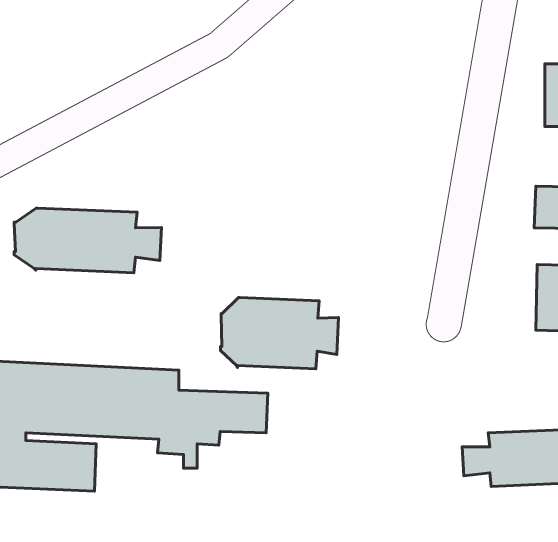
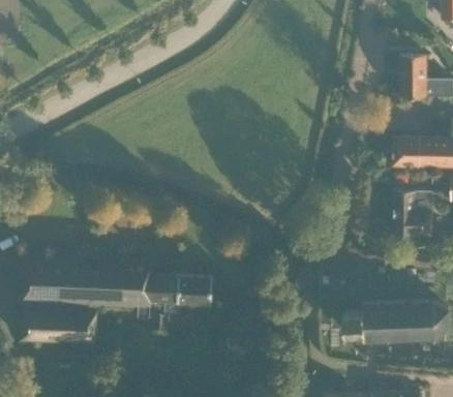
building: [14,208,162,273] -> none
building: [221,297,338,369] -> none

